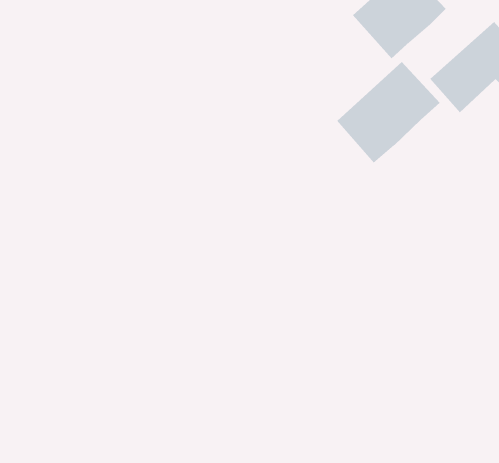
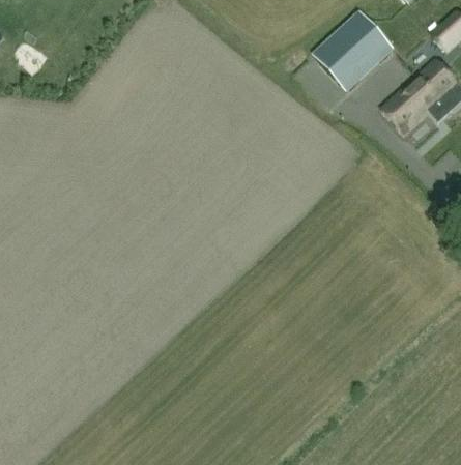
building: [337,61,441,163] -> none

